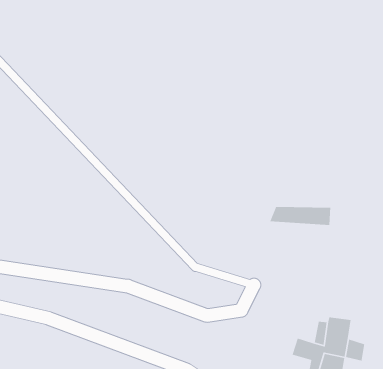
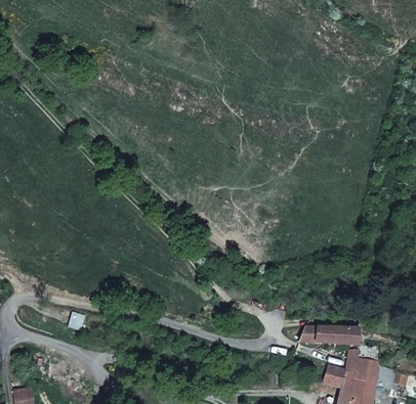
building: [269,206,331,226] -> [299,326,360,346]

